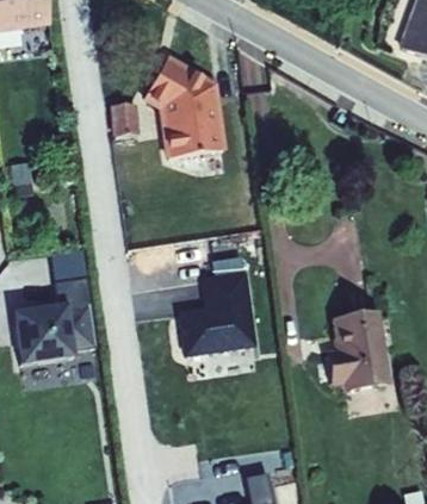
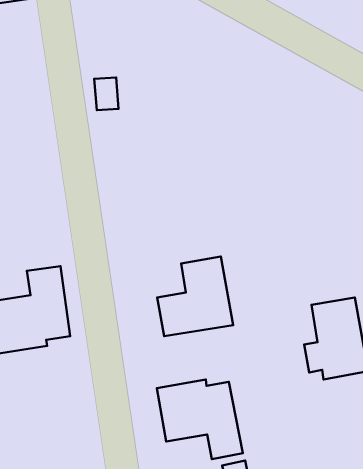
building: [146,57,227,160] -> none
building: none -> [157,380,243,459]

